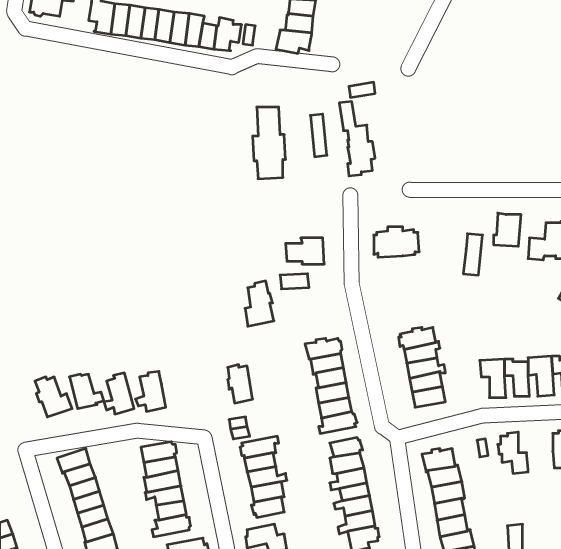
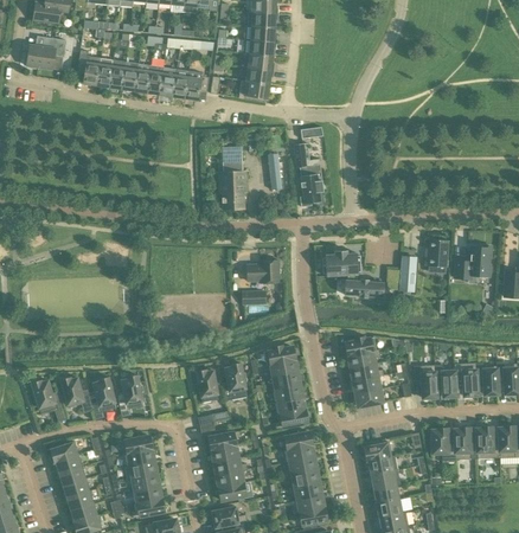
building: none -> [344,274,384,297]
building: [245,281,274,326] -> [223,361,248,400]
building: none -> [454,426,478,458]

